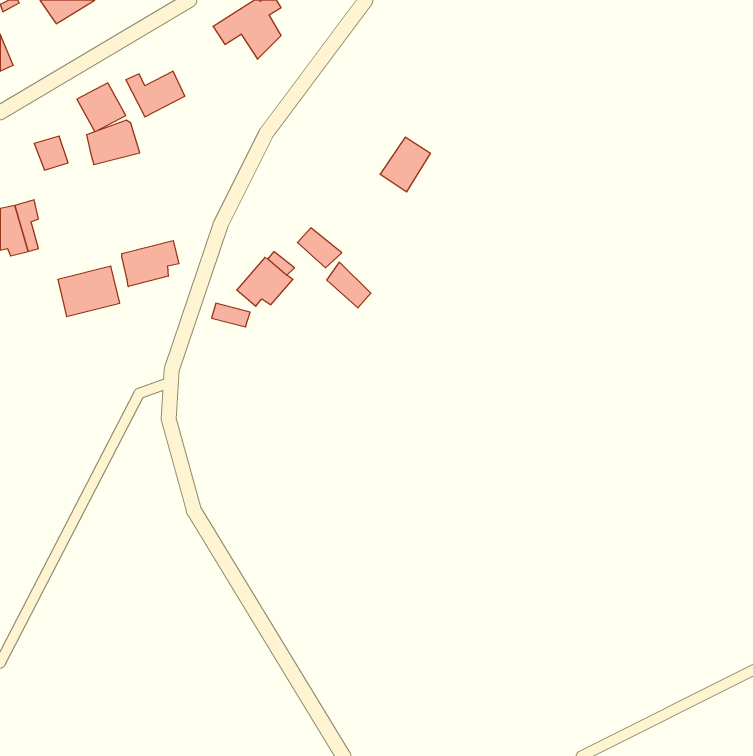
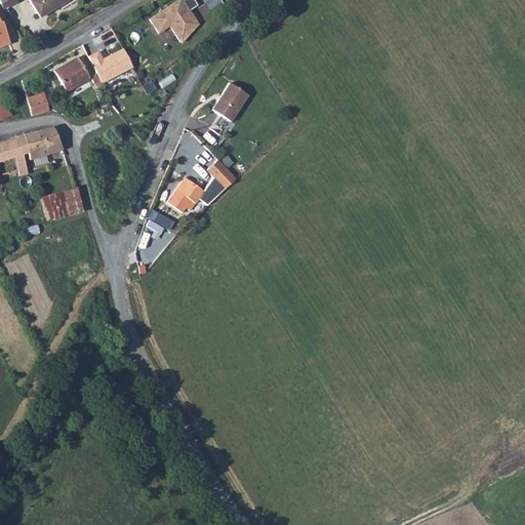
building: [86,120,140,165] -> [26,128,63,159]
building: [380,137,430,192] -> [212,84,247,122]
building: [122,241,179,287] -> none
building: [327,262,371,308] -> none

